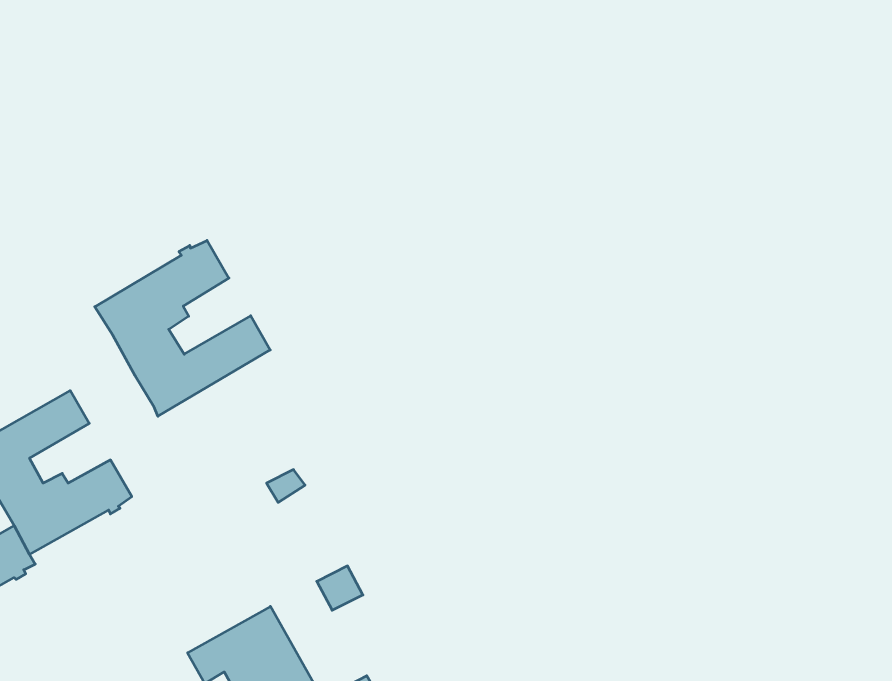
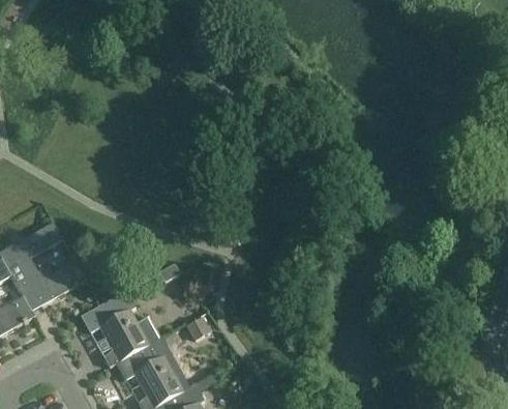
building: [95,240,270,416] -> none
building: none -> [80,291,159,368]

